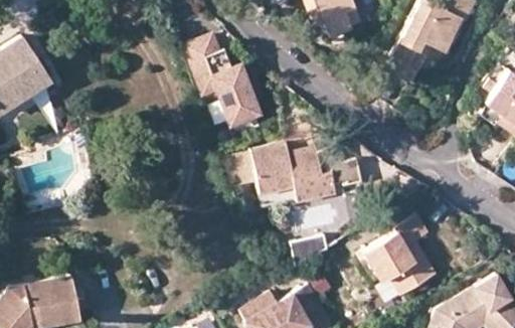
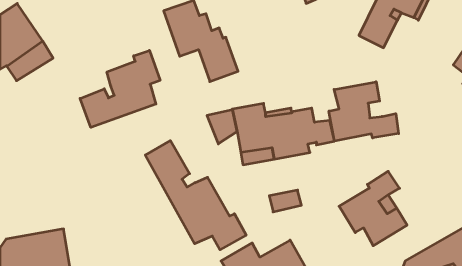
building: none -> [80,50,160,127]
building: none -> [329,82,399,141]
building: none -> [145,141,246,250]

